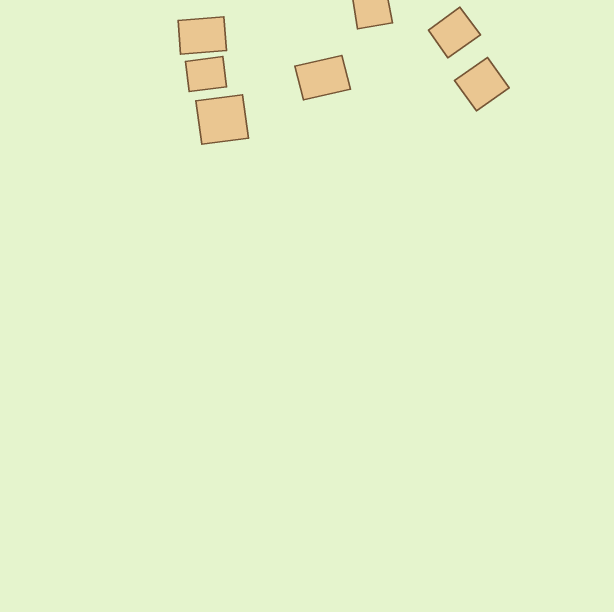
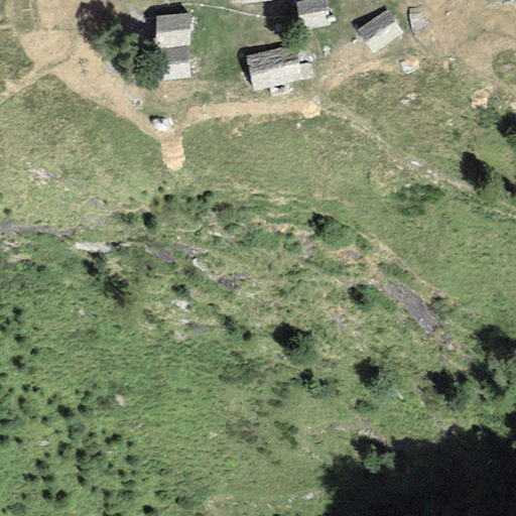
building: [455,57,509,111] -> none
building: [196,95,248,144] -> none

